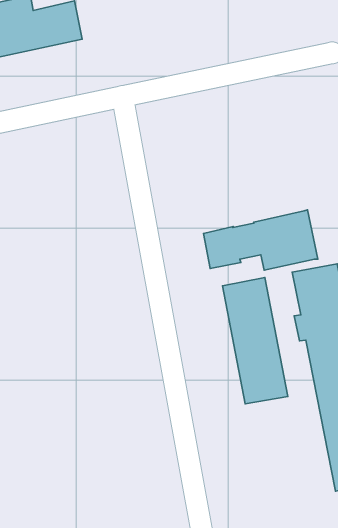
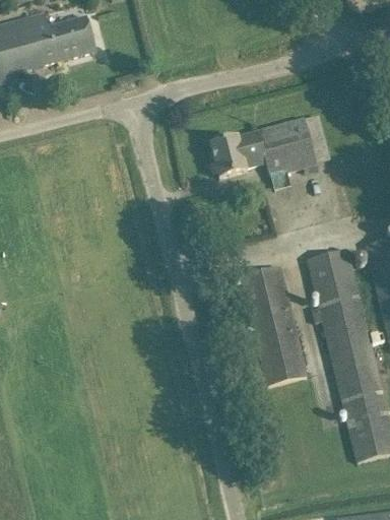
building: [203,210,318,270] -> [210,116,319,176]

